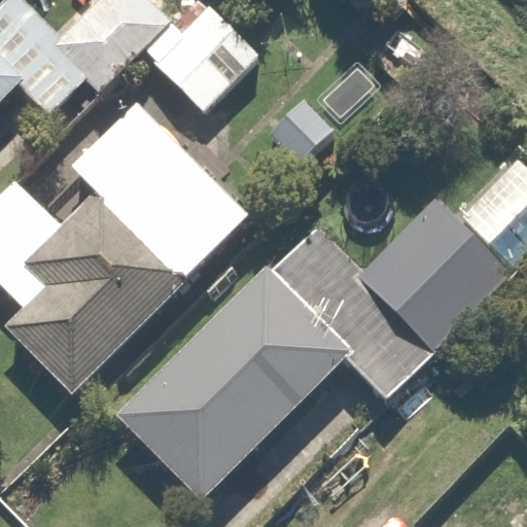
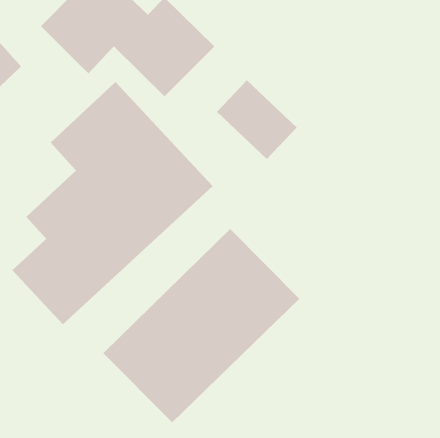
building: [344,189,502,349] -> none

